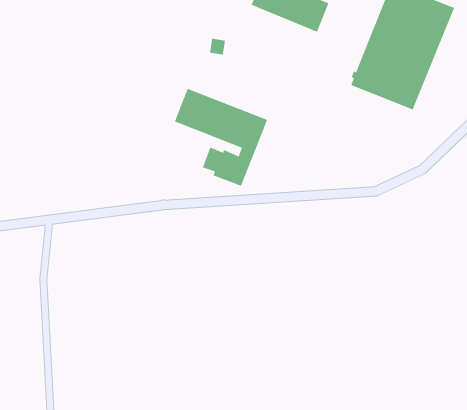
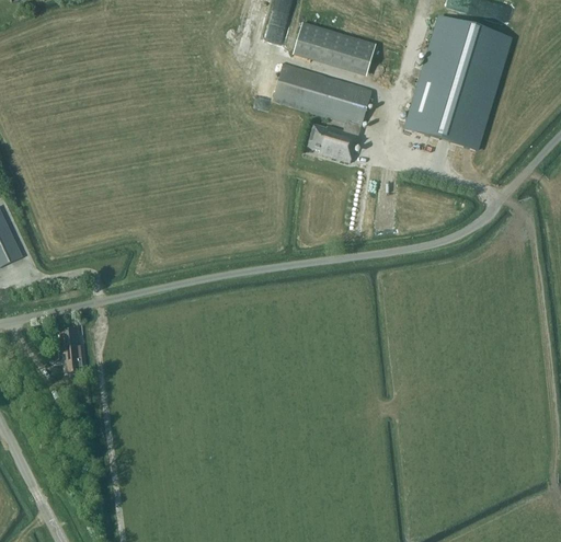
building: [174,88,268,187] -> [272,62,371,162]
building: none -> [58,325,82,372]

